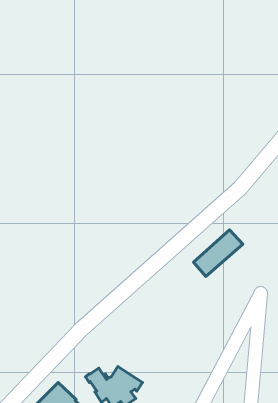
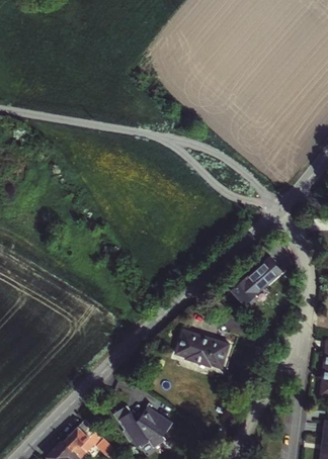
building: none -> [175,330,233,369]

